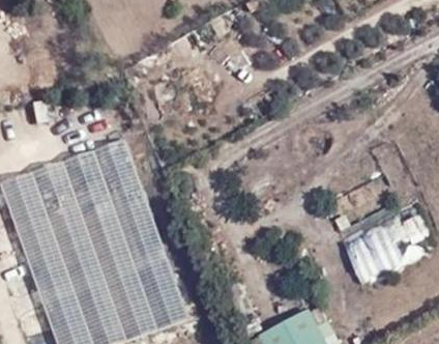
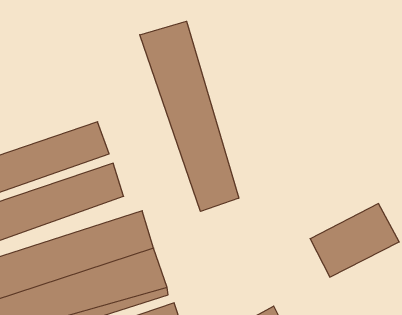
building: none -> [140,21,239,211]

